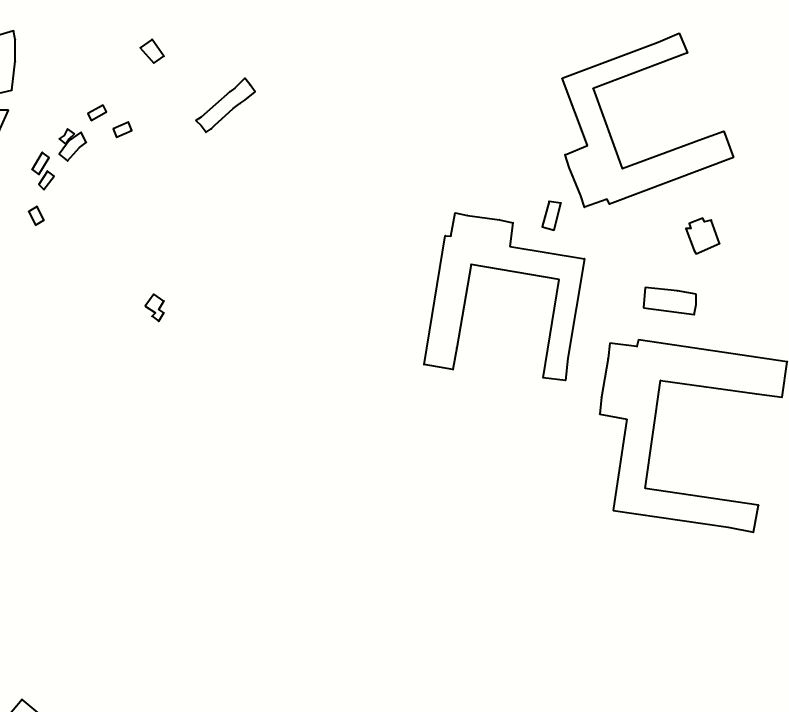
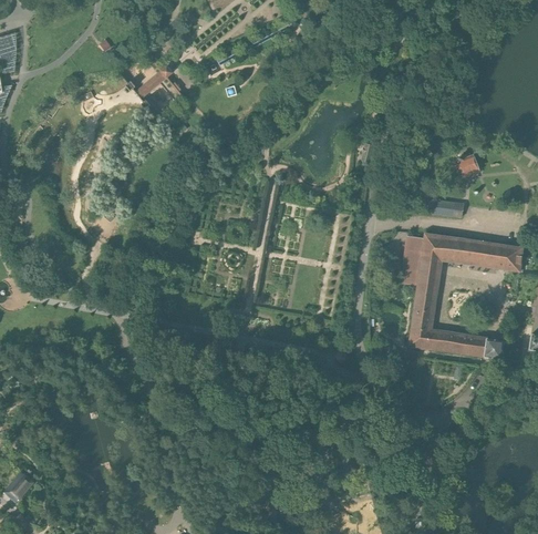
building: [562,33,733,207] -> none
building: [424,213,584,380] -> none

